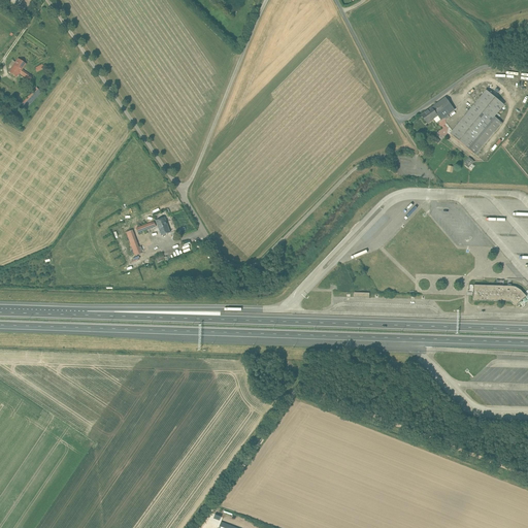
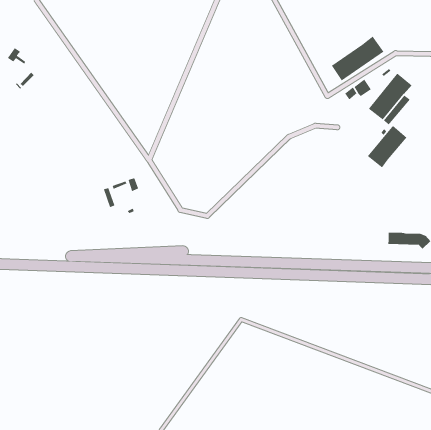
building: none -> [331,36,384,82]
building: none -> [367,125,408,169]

